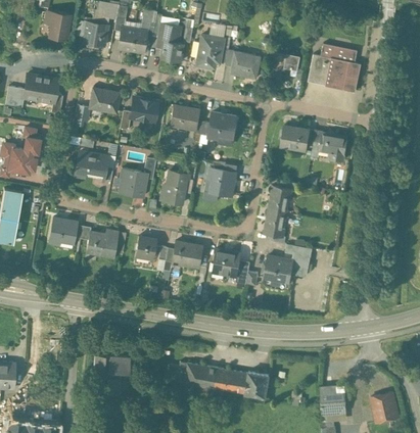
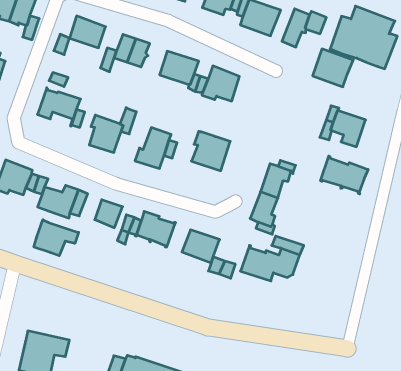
building: [279,125,311,153] -> [313,49,353,87]
building: none -> [321,156,368,194]
building: none -> [34,220,79,256]

